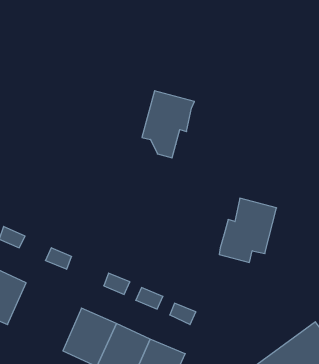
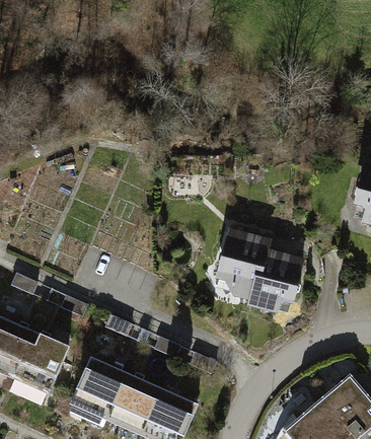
building: [142,91,194,158] -> [214,229,269,299]
building: none -> [23,336,79,395]

